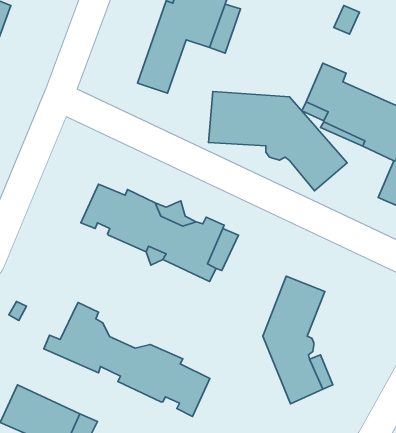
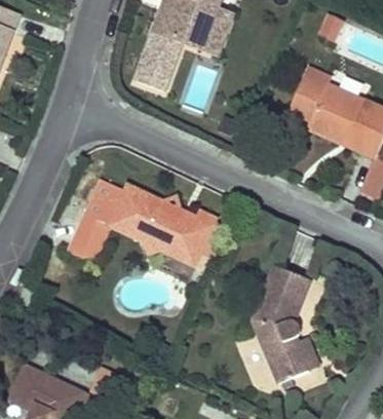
building: [209,91,347,191] -> none
building: none -> [67,215,110,262]
building: [44,303,210,417] -> none

